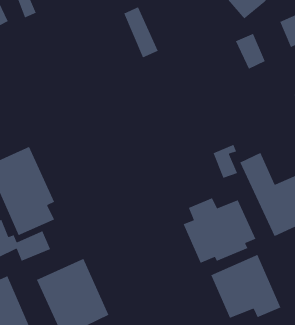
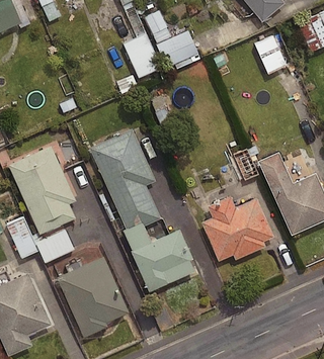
building: none -> [121,32,158,76]
building: none -> [88,128,161,235]
building: none -> [132,231,192,291]
building: [210,254,281,319] -> none

